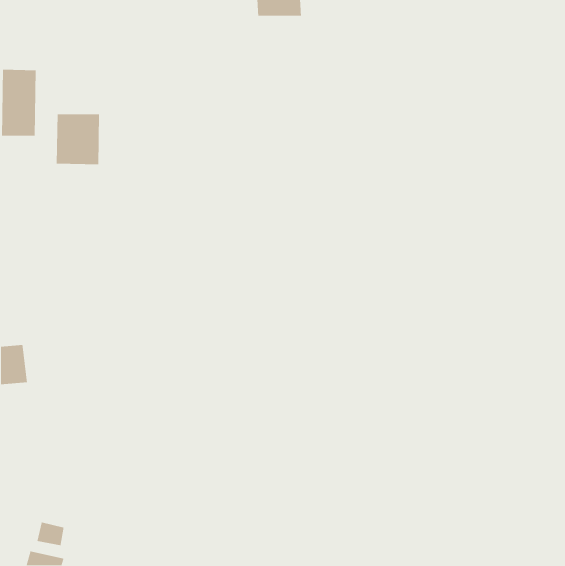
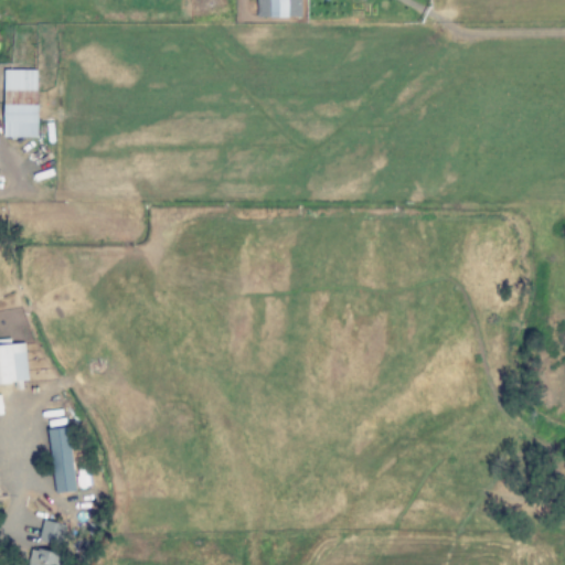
building: [56,113,100,165] -> none
building: none -> [47,426,77,493]

